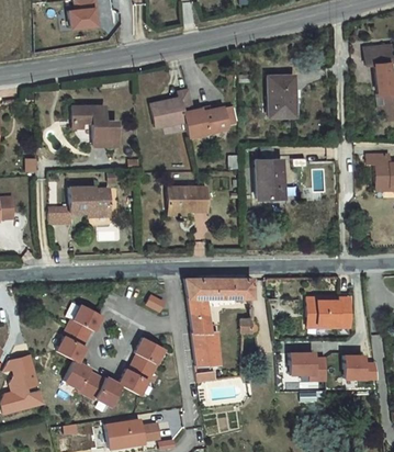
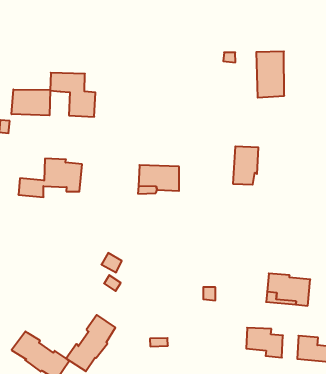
building: [150,92,236,138] -> none
building: none -> [12,89,50,115]
building: [183,268,254,357] -> none
building: [53,313,98,370] -> none

